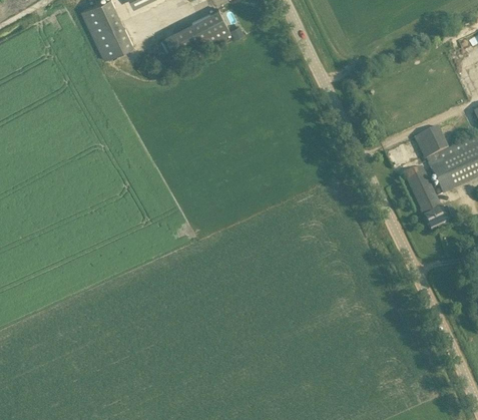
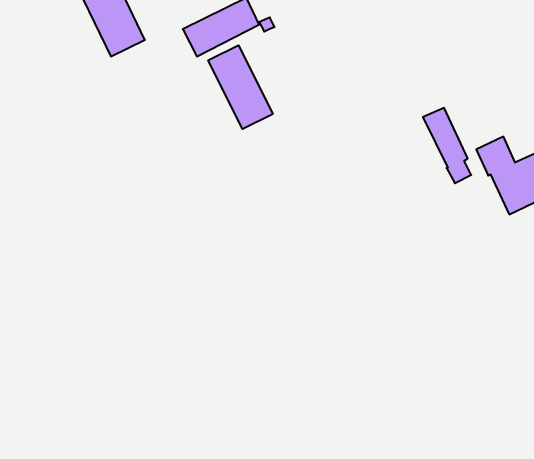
building: none -> [208,45,273,129]
building: [404,166,445,231] -> [423,108,471,183]

